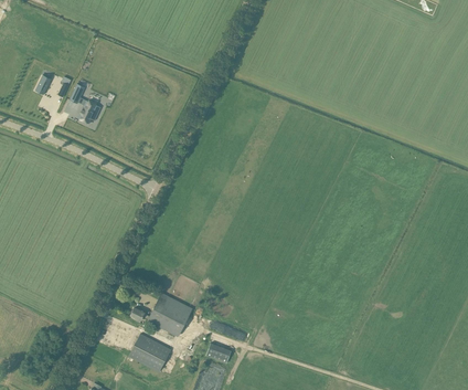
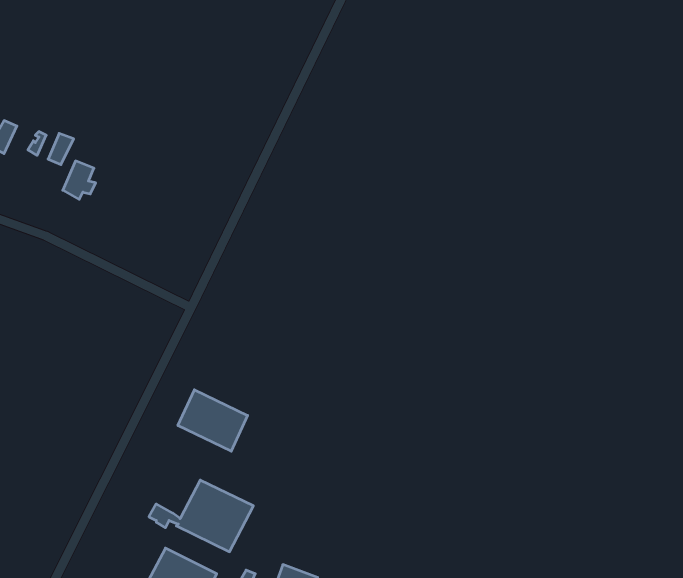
building: none -> [178,390,248,451]

